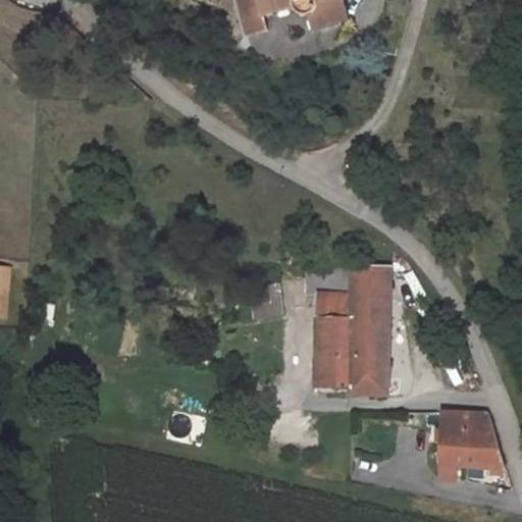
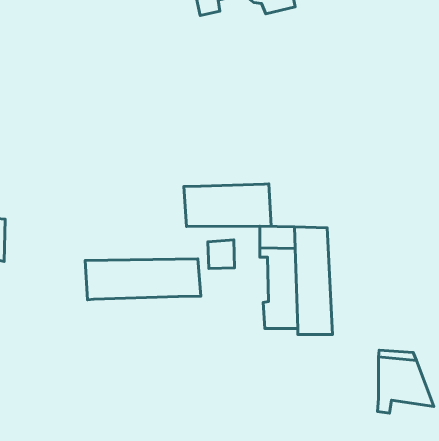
building: none -> [184,184,271,227]
building: none -> [85,259,201,300]

